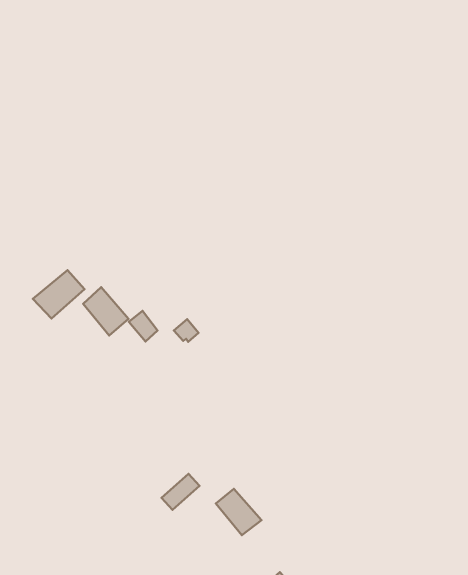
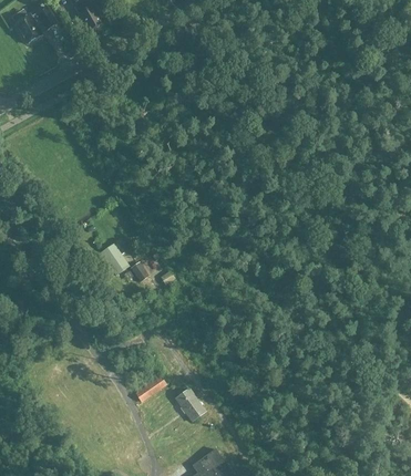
building: [33,270,85,318] -> none

